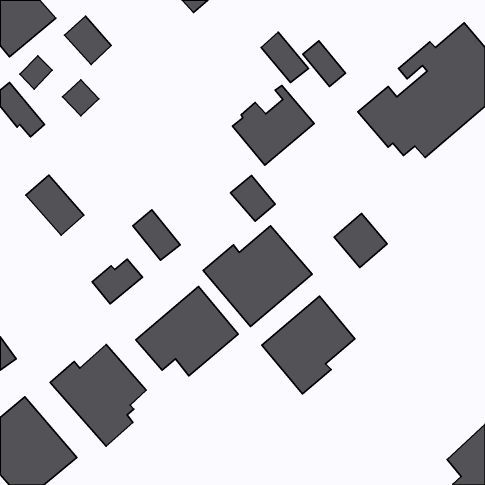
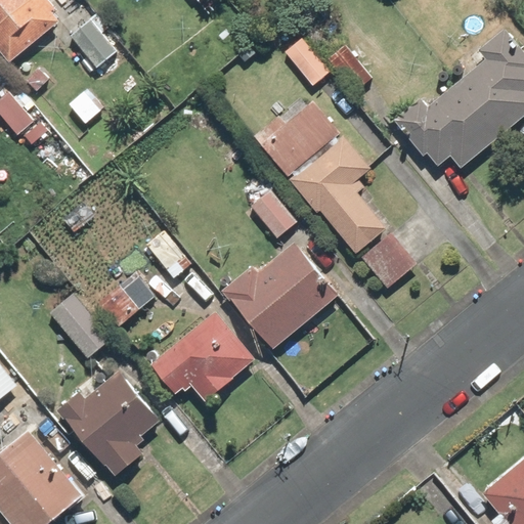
building: none -> [288,134,391,257]
building: [26,175,84,235] -> [49,293,112,357]
building: [262,296,355,394] -> none

